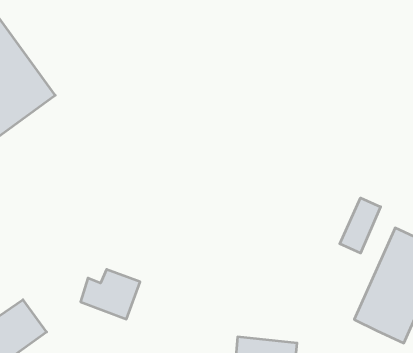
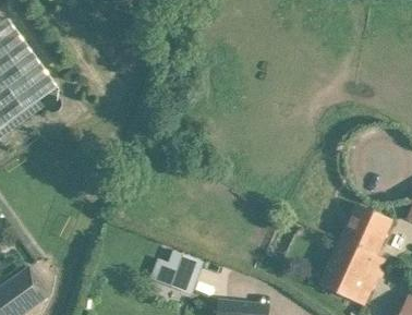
building: [340,198,381,253] -> none
building: [81,269,140,319] -> [148,251,201,294]

